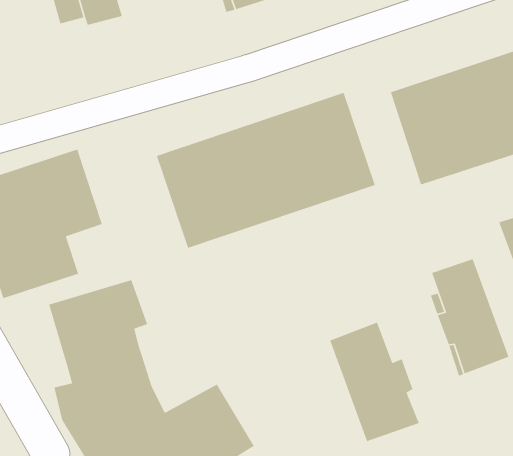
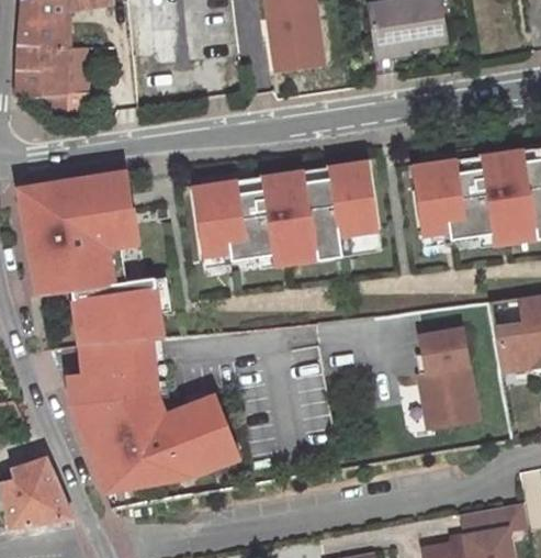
building: [329,322,420,442] -> none

